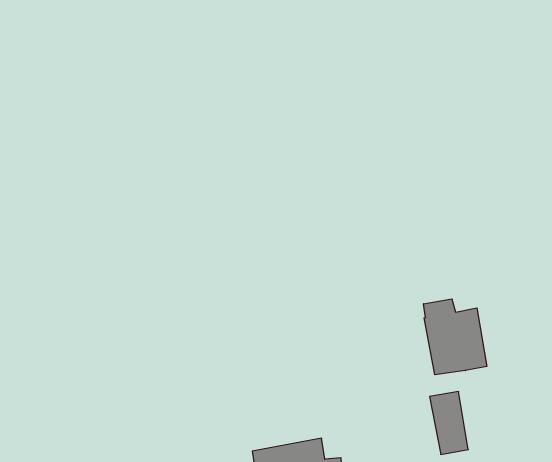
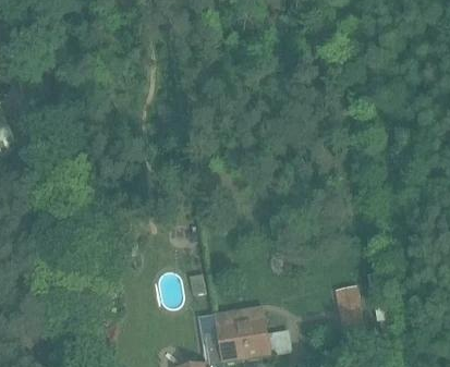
building: [424,299,487,375] -> none

